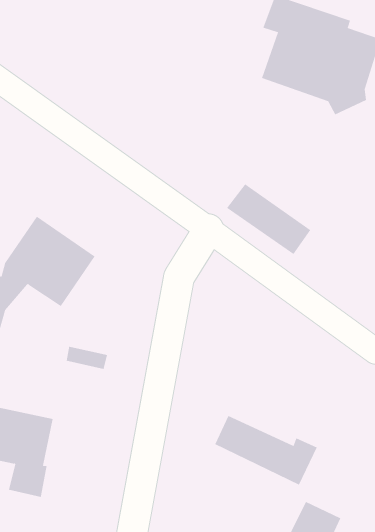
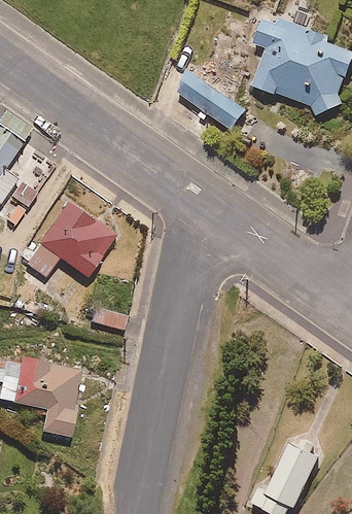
building: [226,183,311,255] -> [177,70,248,130]
building: [215,415,317,486] -> none

